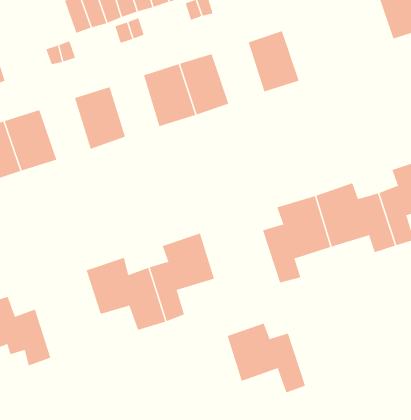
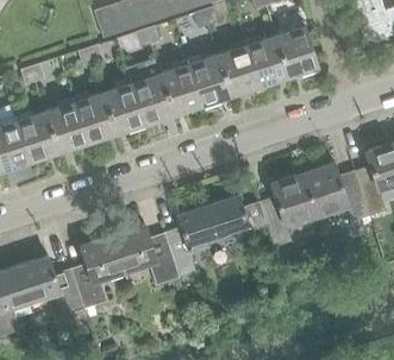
building: none -> [275,25,319,77]
building: none -> [217,45,259,96]
building: none -> [126,57,173,124]
building: none -> [74,91,115,143]
building: none -> [70,234,124,307]
building: [227,323,306,393] -> [207,192,273,251]

